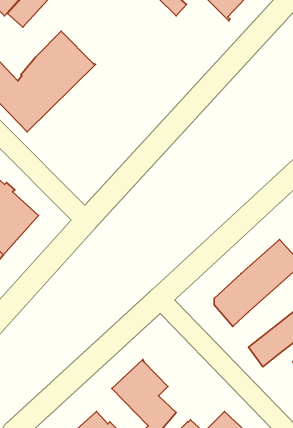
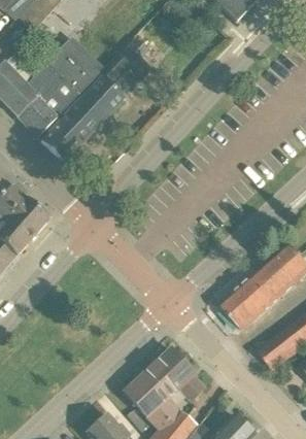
building: none -> [40,37,151,161]
building: none -> [152,347,204,401]

